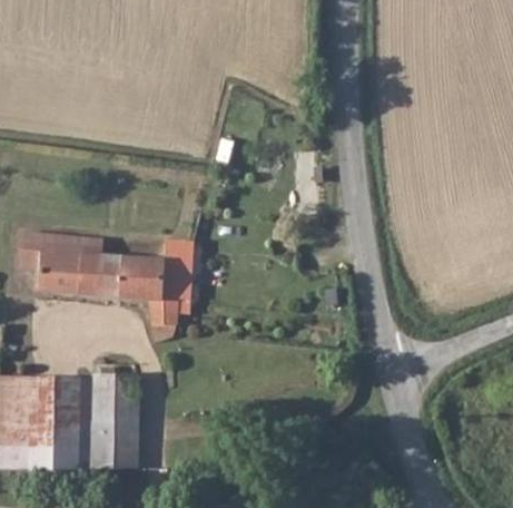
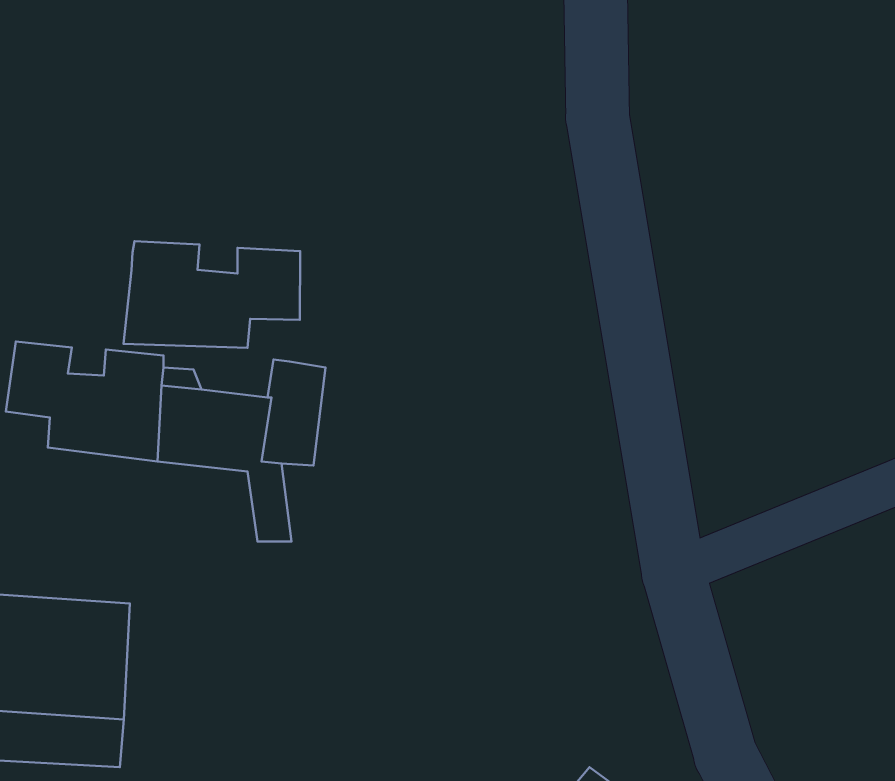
building: none -> [123,241,300,348]
building: [87,372,141,467] -> none

